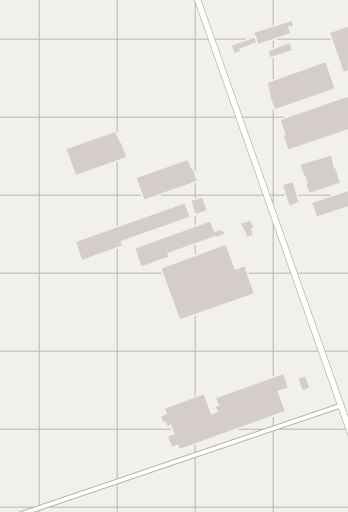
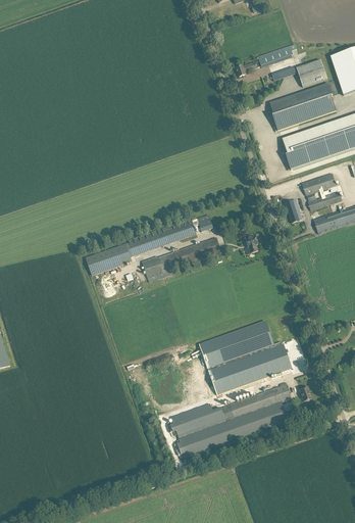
building: none -> [297,58,327,87]
building: [66,131,127,176] -> none
building: [136,159,198,200] -> none
building: [160,244,255,320] -> [200,323,291,396]

